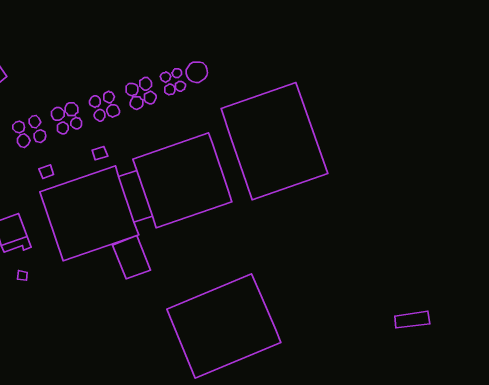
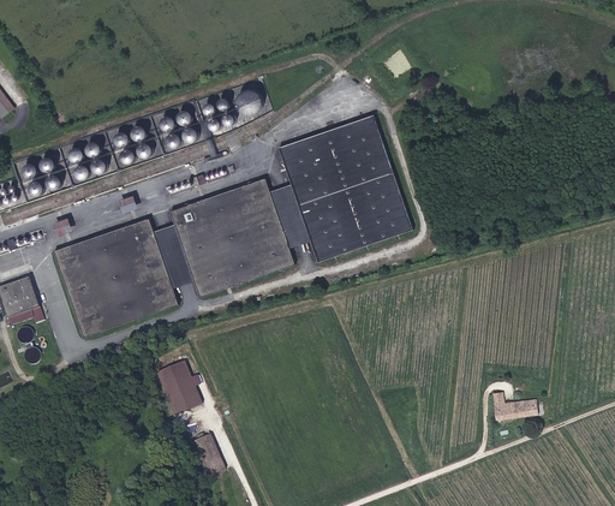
building: none -> [269,183,311,248]
building: [113,235,150,279] -> [156,359,203,413]
building: [167,274,281,378] -> none
building: none -> [195,433,226,475]

